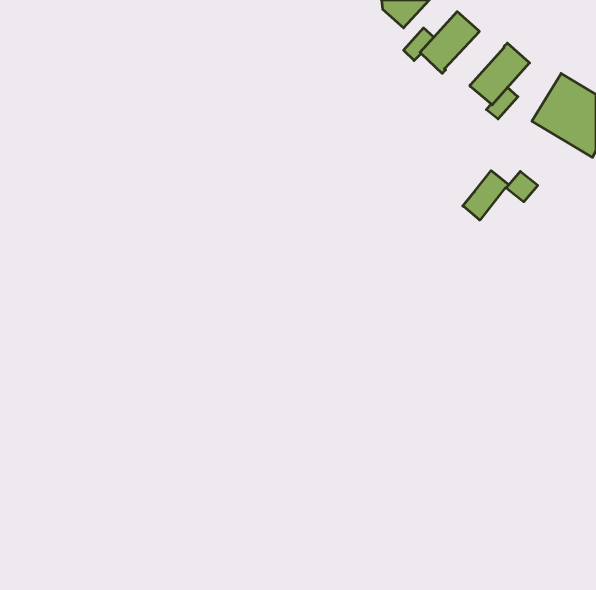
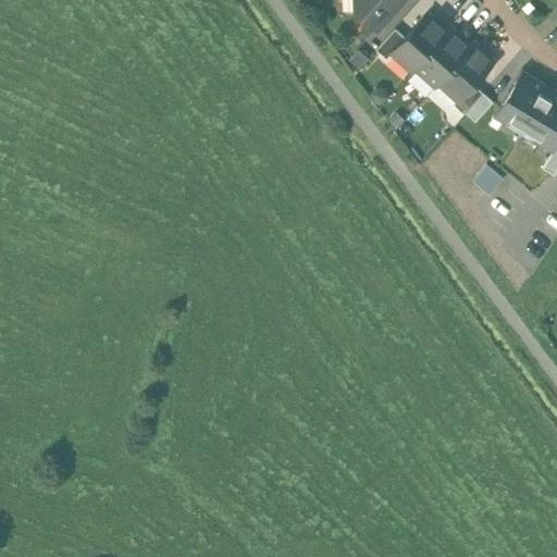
building: none -> [414,30,470,89]
building: [463,171,509,220] -> none

